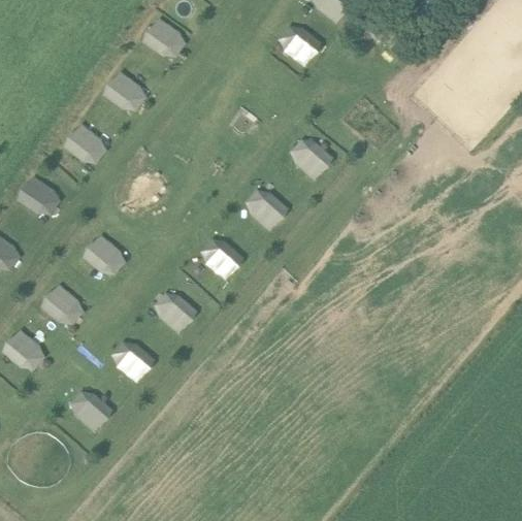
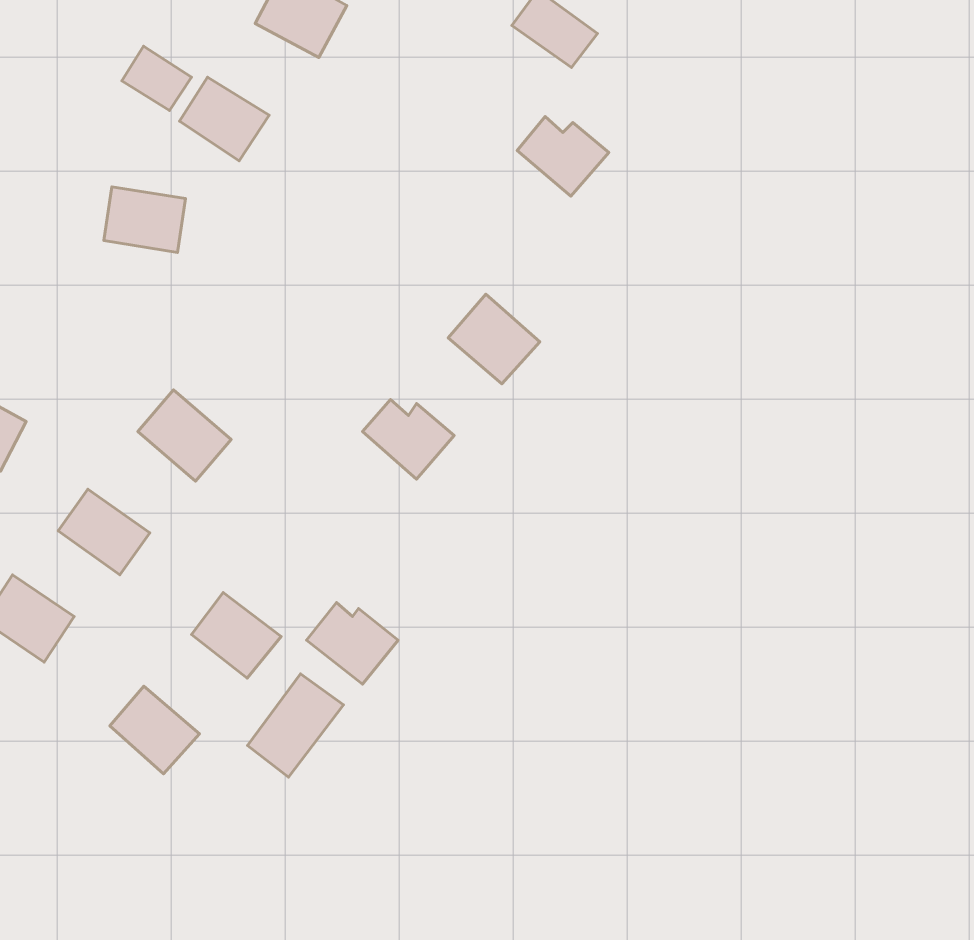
building: none -> [122,46,191,111]
building: [288,137,335,178] -> [517,117,609,196]
building: [17,174,64,219] -> none
building: [152,290,199,332] -> [307,602,398,684]
building: none -> [247,674,344,777]

